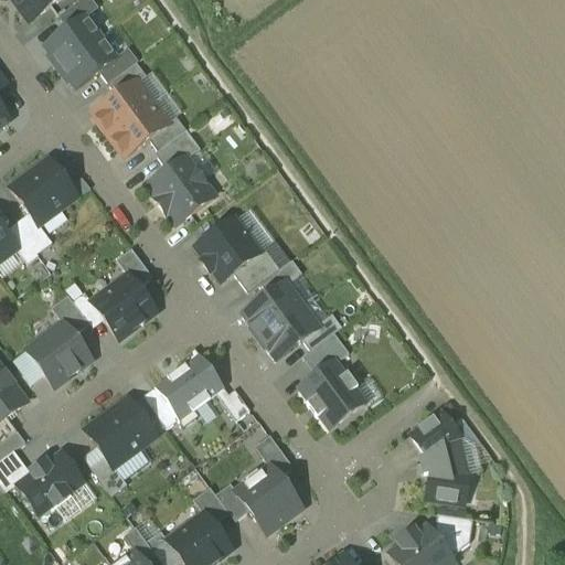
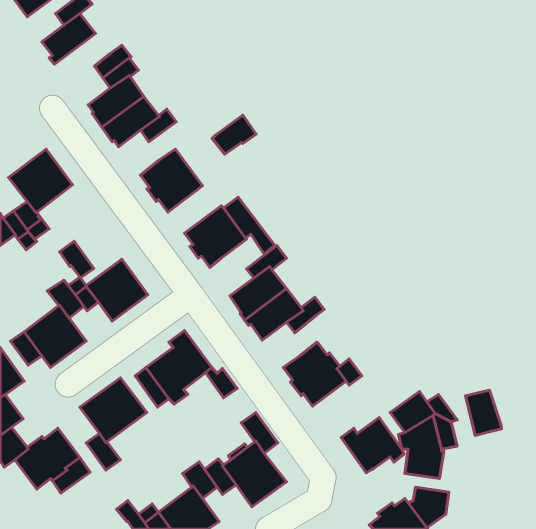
building: [57,35,116,86] -> none
building: [153,128,200,169] -> [212,115,256,154]
building: [233,246,279,291] -> none
building: [116,247,152,286] -> [59,241,94,278]
building: [301,331,349,374] -> none
building: none -> [465,390,502,435]
building: none -> [341,418,404,473]

